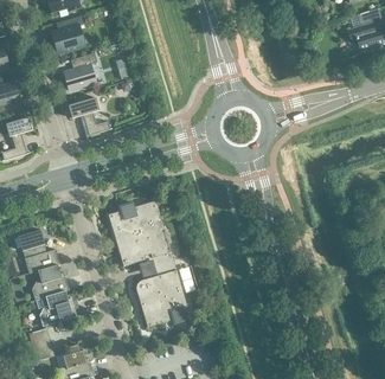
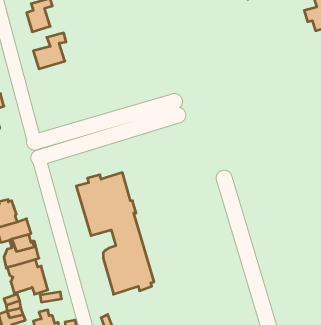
building: [69,96,110,135] -> none

